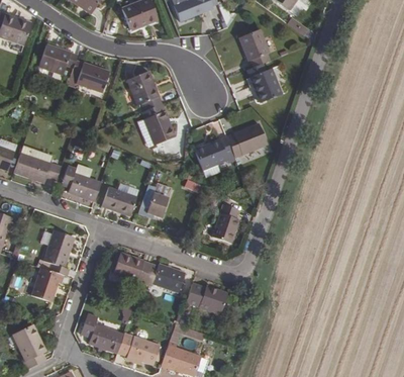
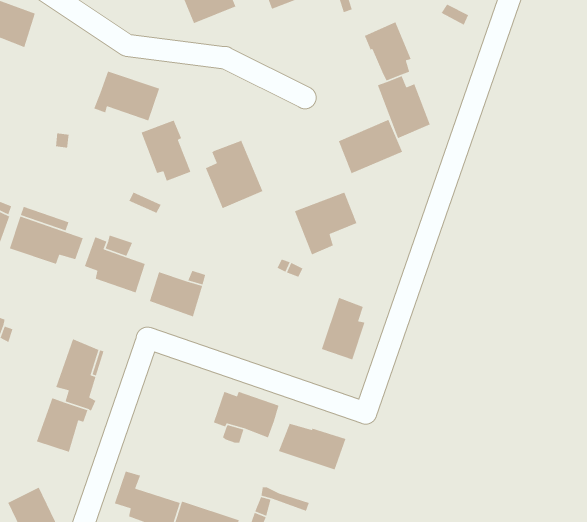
building: [38,44,77,75] -> none
building: [127,71,160,110] -> [141,120,192,182]
building: [226,122,268,158] -> [338,119,403,174]
building: [137,184,169,218] -> none
building: [113,253,149,283] -> none

